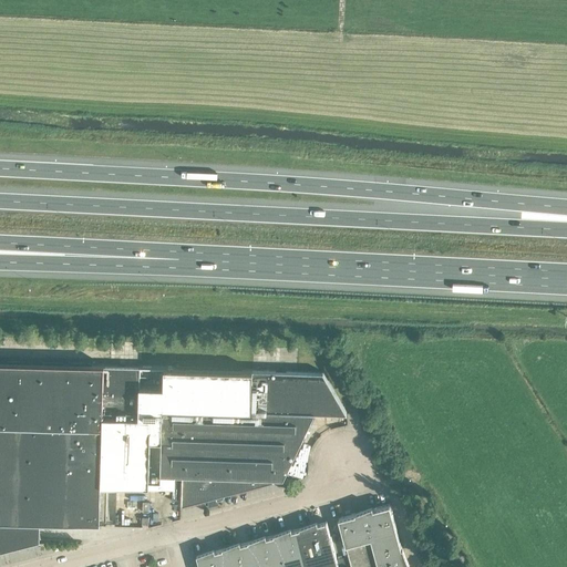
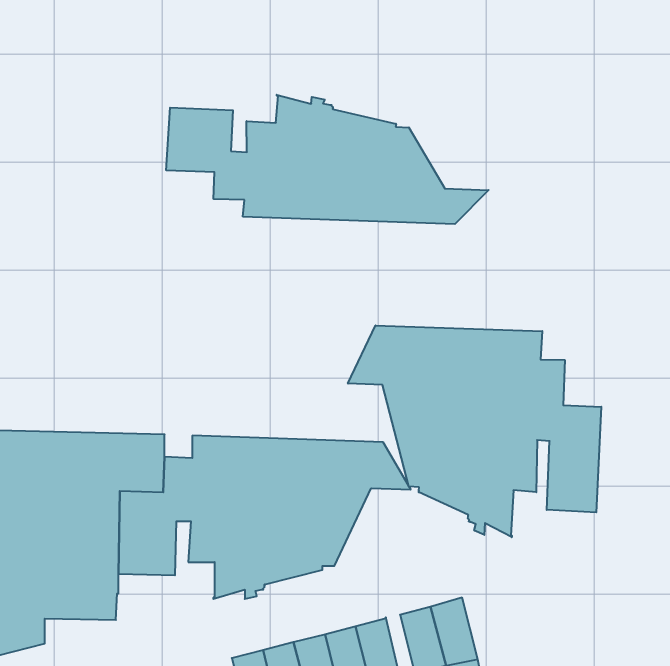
building: none -> [166,95,489,224]
building: none -> [348,325,601,537]

